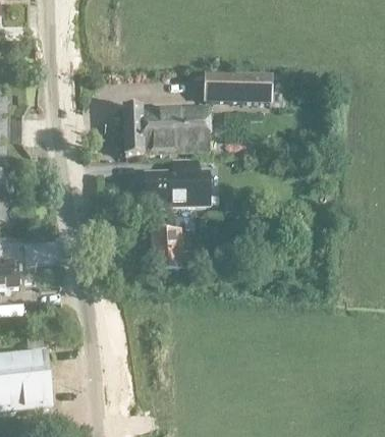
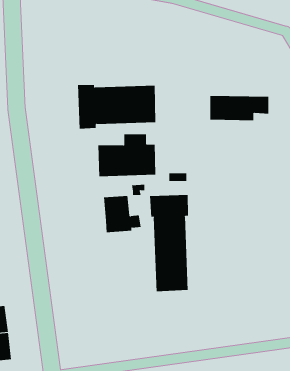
building: [205,73,270,101] -> [210,96,269,121]
building: none -> [150,194,189,292]

